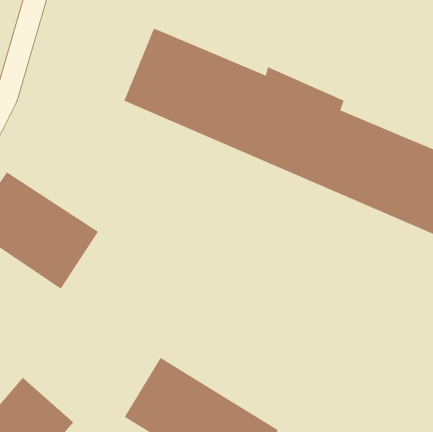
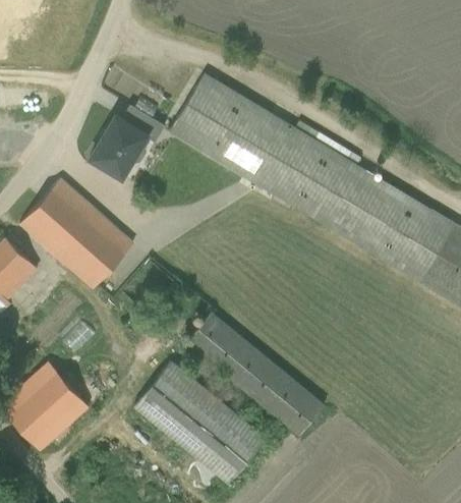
building: none -> [91,106,164,178]
building: none -> [185,313,326,437]

